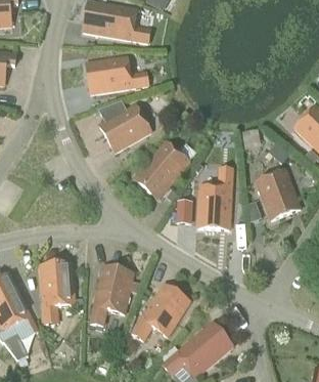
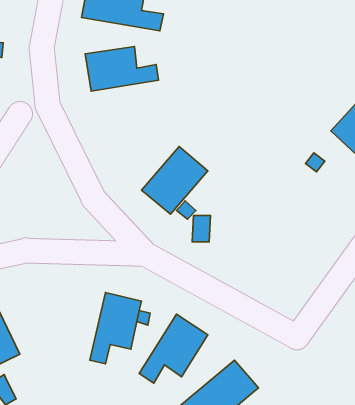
building: [98,102,150,152] -> none
building: [256,168,300,219] -> none
building: [197,184,231,228] -> none
building: [39,261,74,323] -> none

